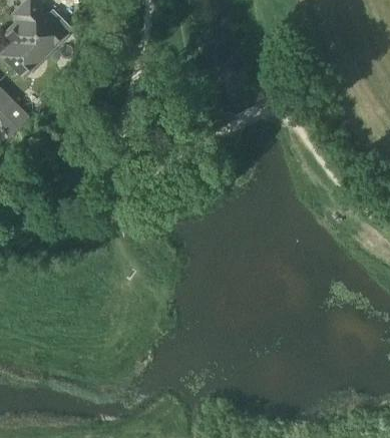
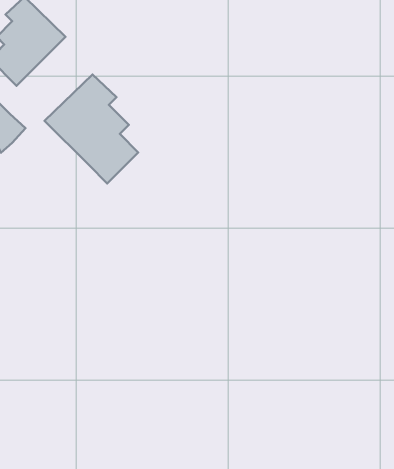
building: none -> [45,74,138,183]

